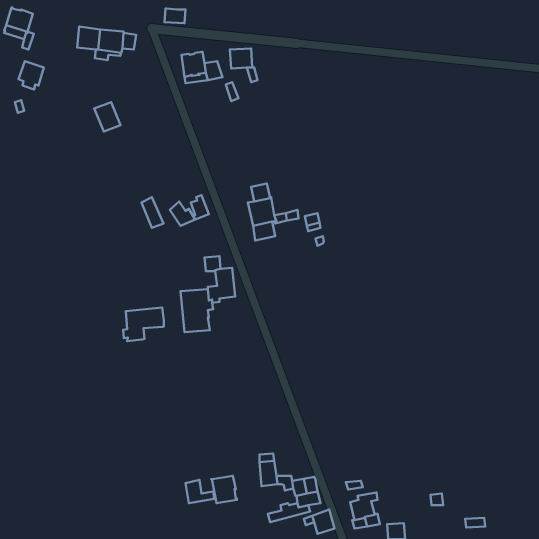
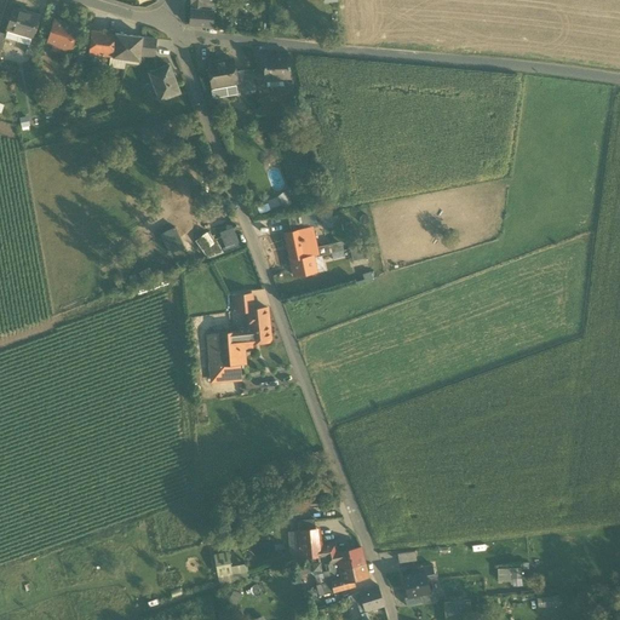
building: [18,61,44,90] -> [47,21,76,53]
building: [94,102,121,132] -> [149,65,179,99]
building: [123,307,164,341] -> none
building: [211,476,237,503] -> none

